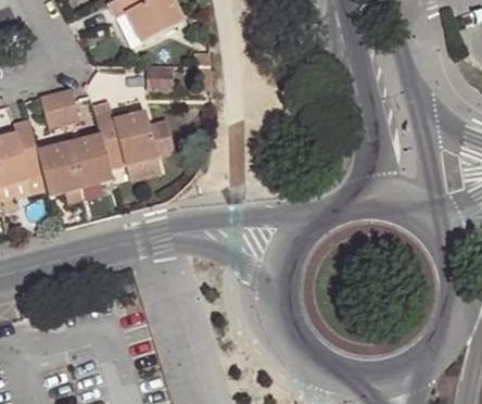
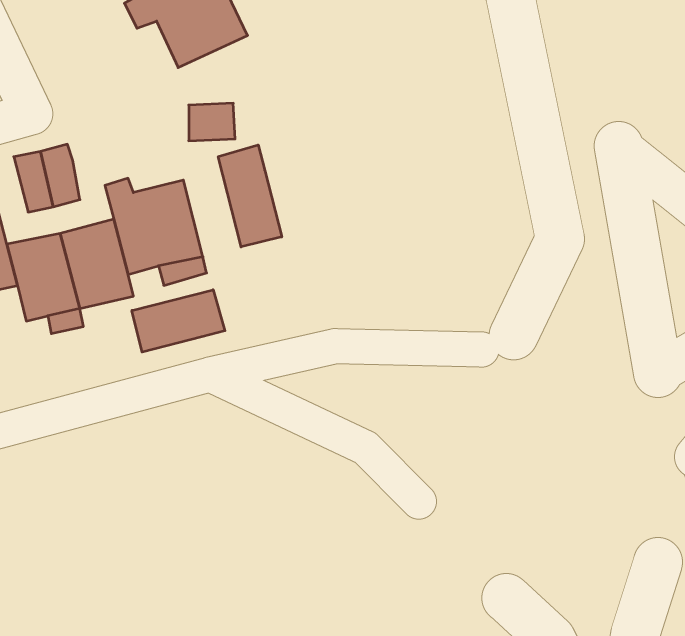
building: none -> [218,145,282,247]
building: none -> [132,290,225,352]

